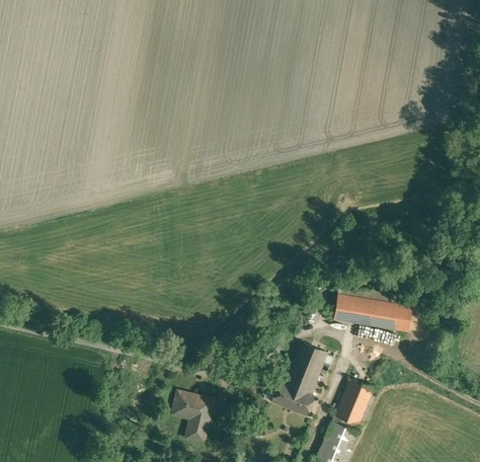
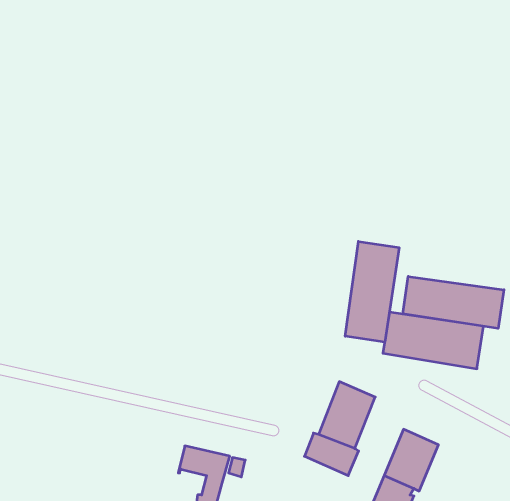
building: none -> [345,241,399,342]
building: none -> [403,276,504,328]

